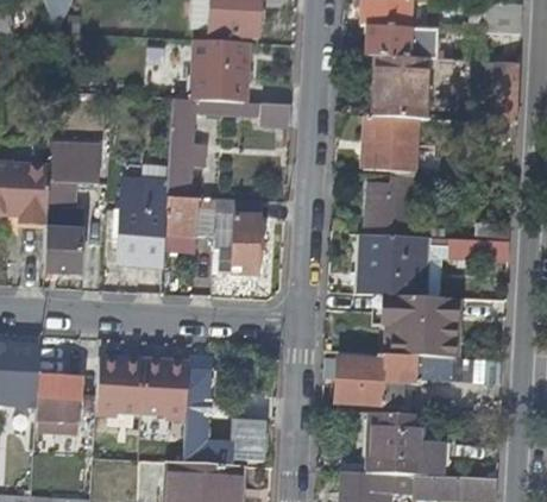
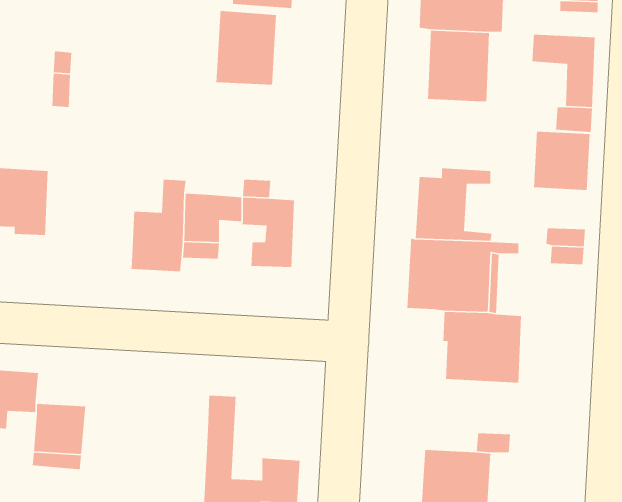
building: [166,100,290,196] -> none
building: [371,115,420,167] -> [533,131,590,191]
building: [45,140,102,271] -> none
building: [339,354,501,406] -> none
building: [95,363,187,420] -> none

